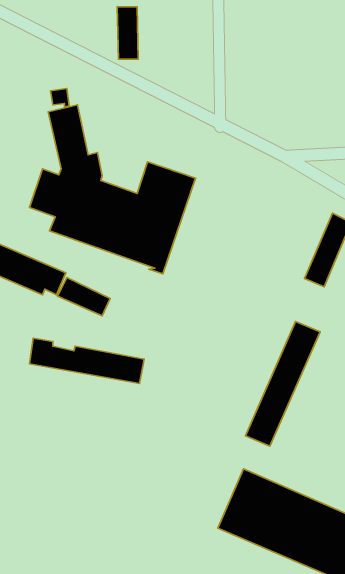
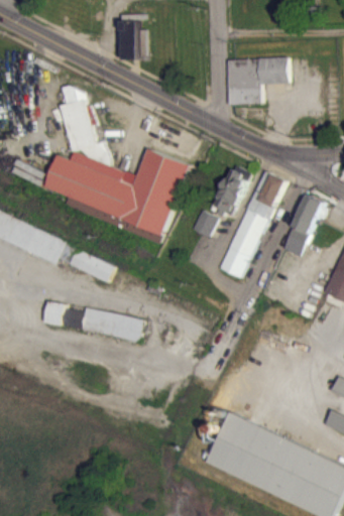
building: none -> [226,57,288,104]
building: none -> [213,164,250,218]
building: none -> [191,210,216,236]
building: [245,321,320,446] -> [219,170,283,278]

